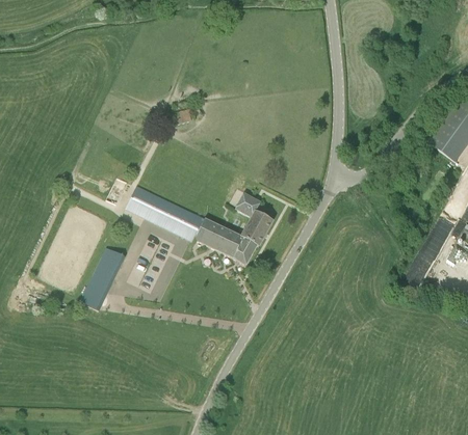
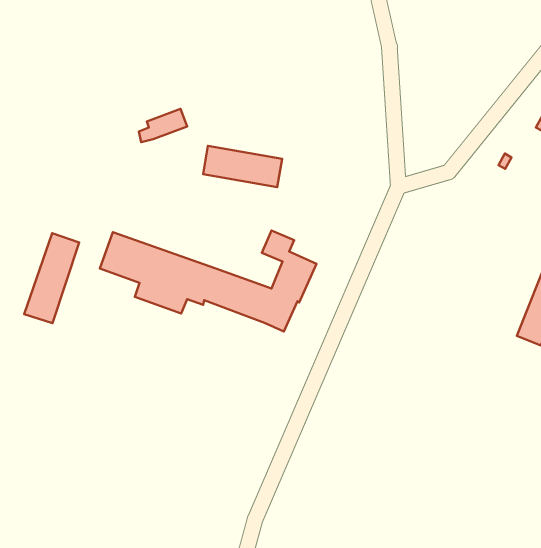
building: none -> [203,146,282,187]
building: [80,248,123,309] -> [24,233,79,323]

